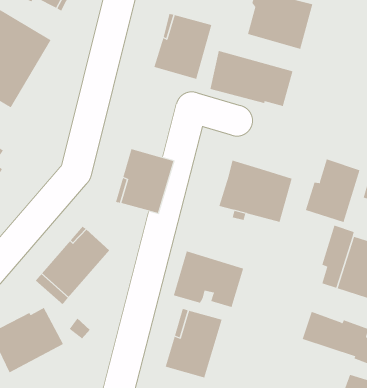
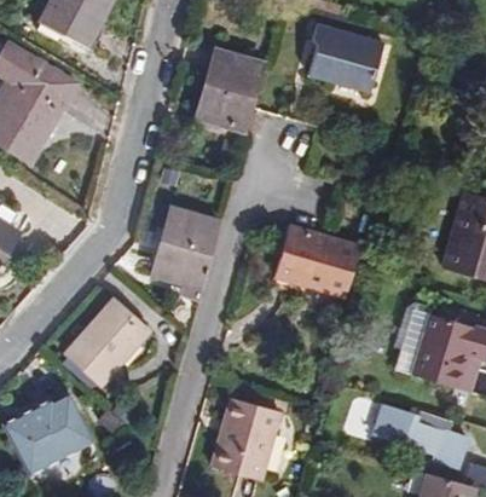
building: [210,50,293,107] -> none
building: [305,159,360,223] -> none
building: [173,251,244,308] -> none

